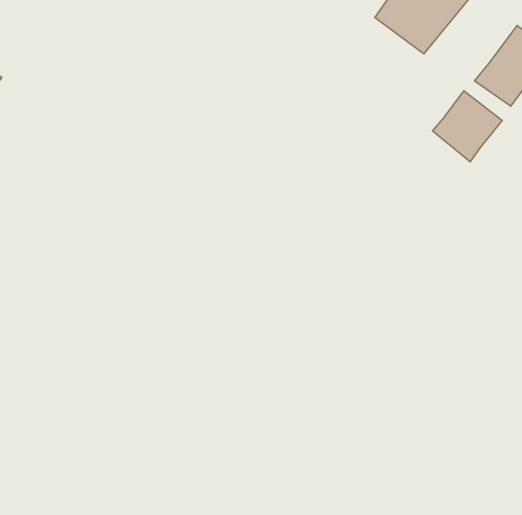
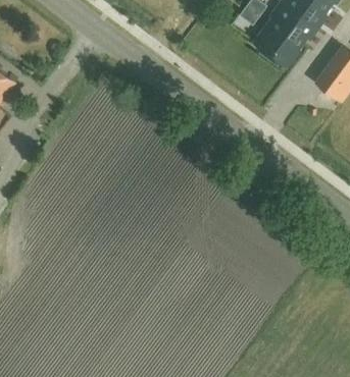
building: [433,91,502,162] -> none

